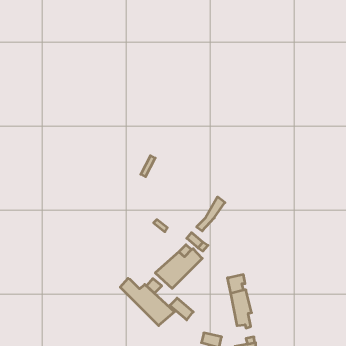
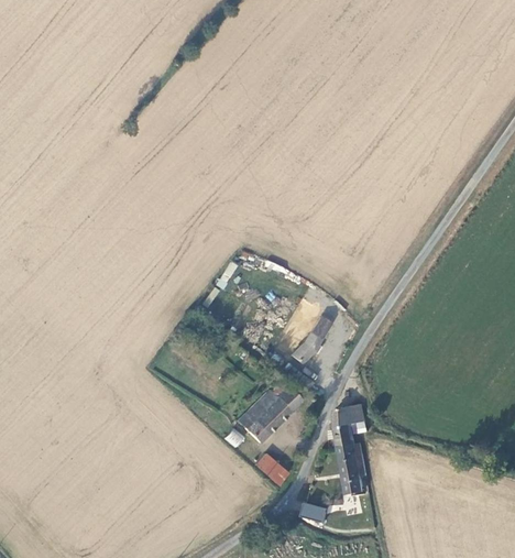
building: none -> [335,405,365,427]
building: [120,278,174,326] -> none

